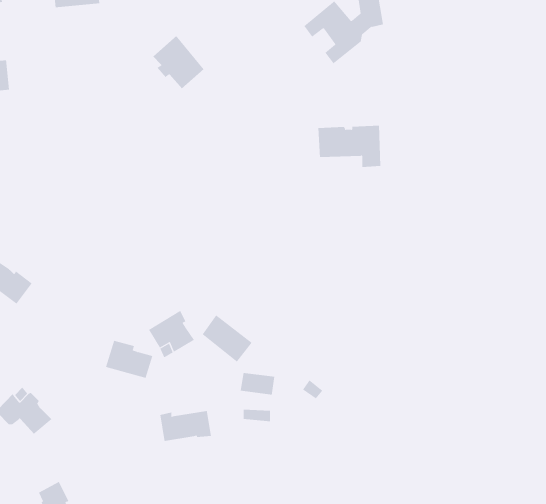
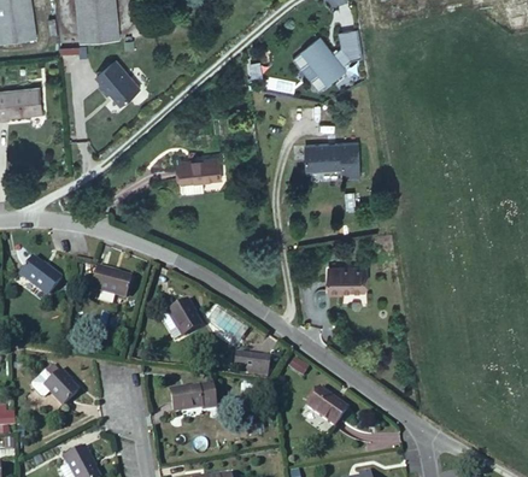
building: [152,35,205,89] -> [94,59,139,105]
building: none -> [180,157,219,193]
building: none -> [327,266,364,293]
building: [105,340,153,378] -> [89,265,130,298]
building: none -> [306,389,346,426]

